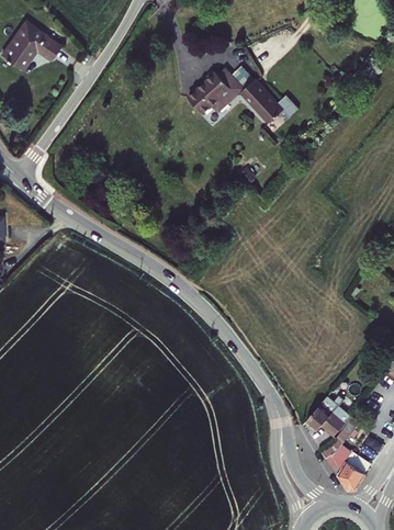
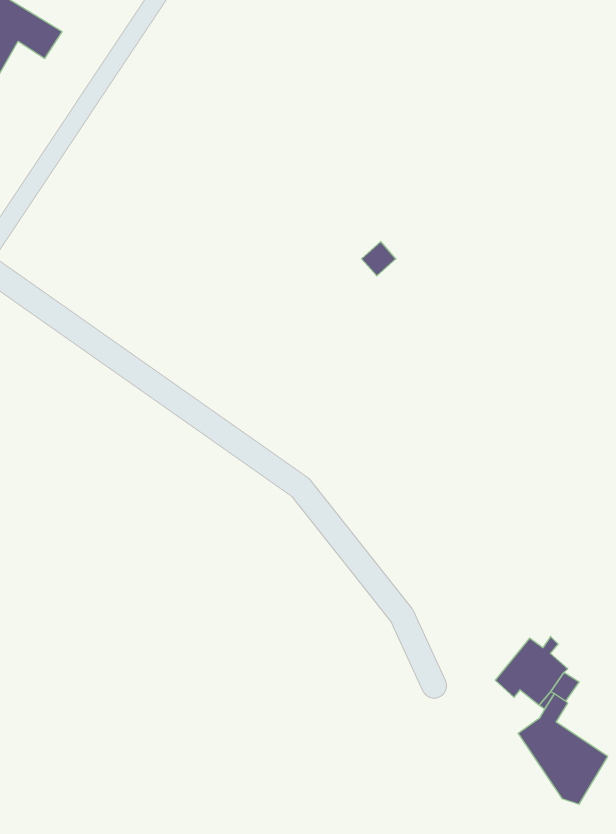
building: [190,72,282,123] -> none

